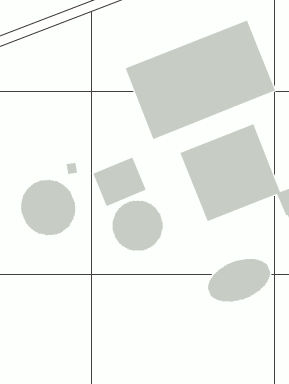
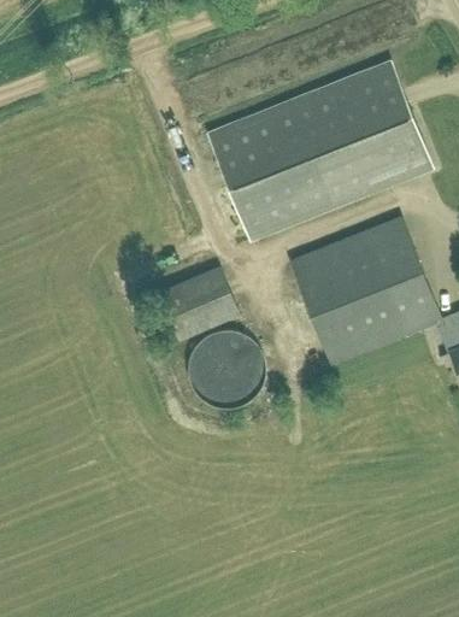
building: [20,179,76,236] -> none
building: [207,258,271,303] -> none

